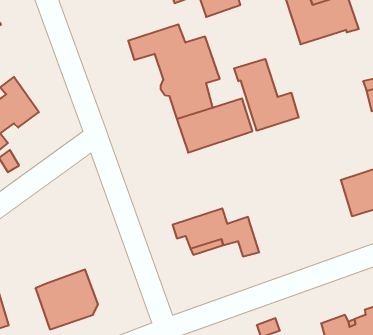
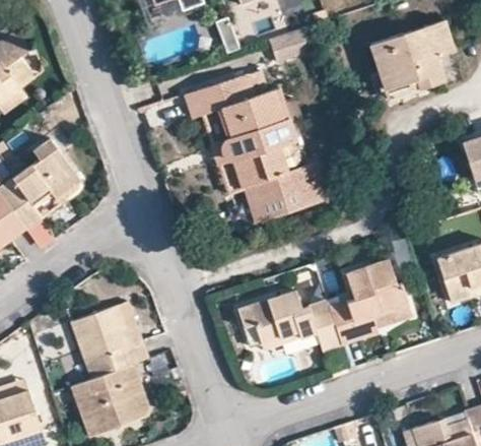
building: [234,59,299,131] -> none
building: none -> [327,258,406,343]
building: none -> [67,308,147,381]

